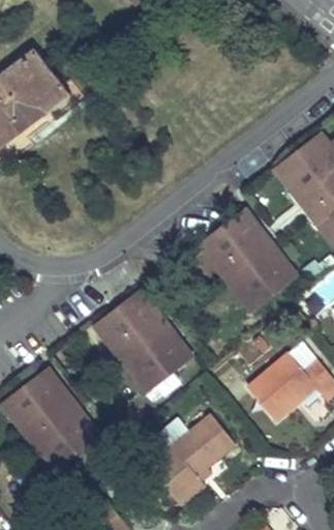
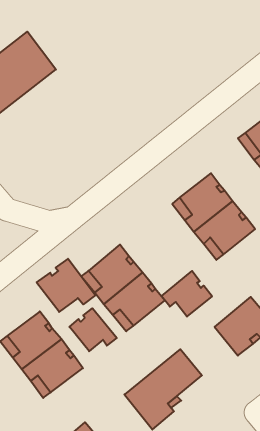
building: none -> [37,259,95,312]
building: none -> [161,271,212,317]
building: none -> [69,308,117,351]

